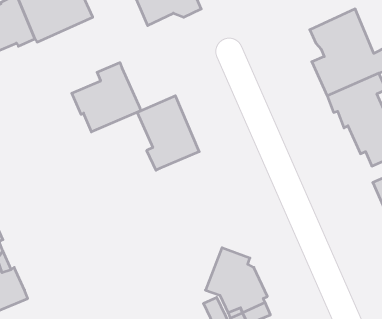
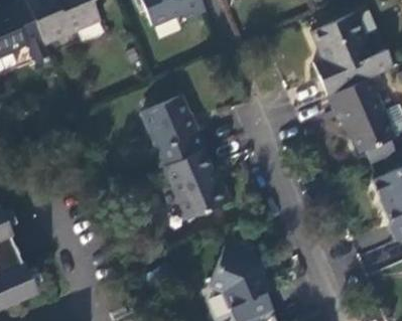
building: [72,63,141,132] -> none
building: none -> [165,151,231,220]

